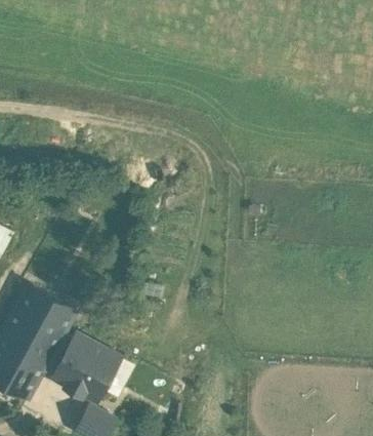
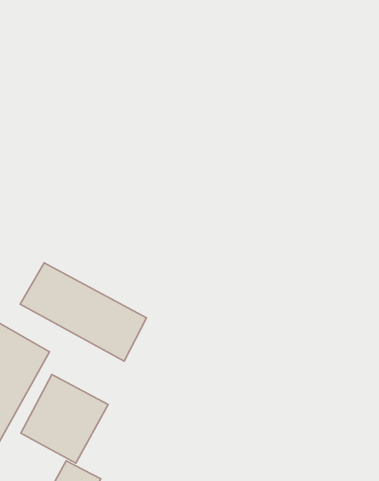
building: none -> [20,263,147,361]

